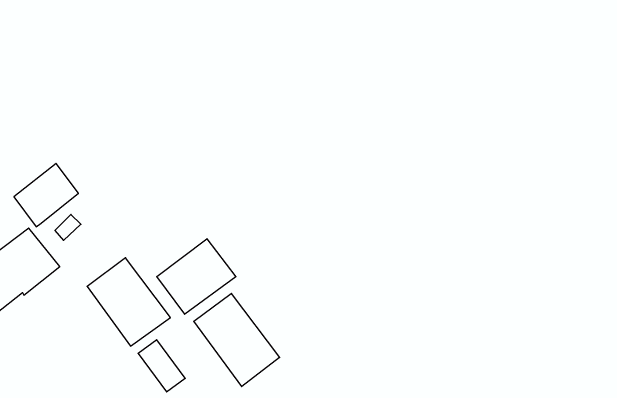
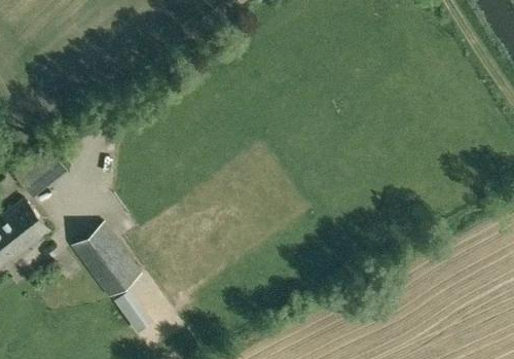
building: [157,239,236,314] -> none
building: [194,293,280,387] -> none

